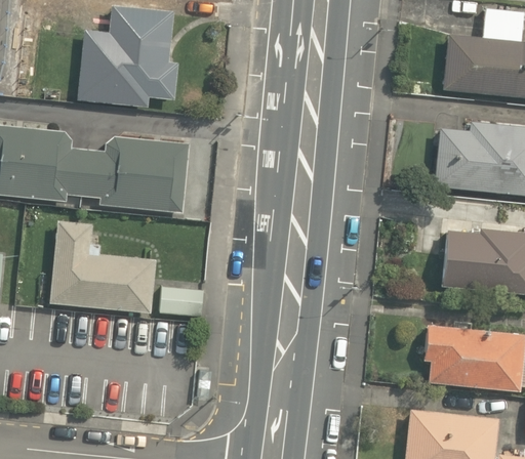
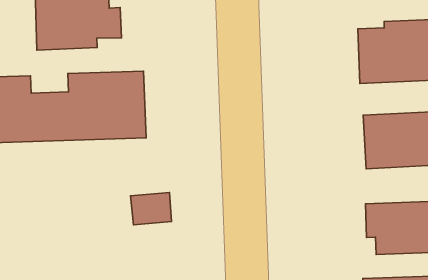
building: [47,223,157,315] -> none

